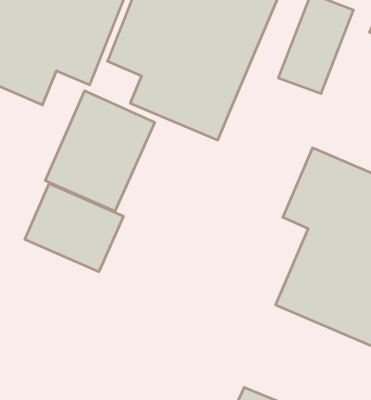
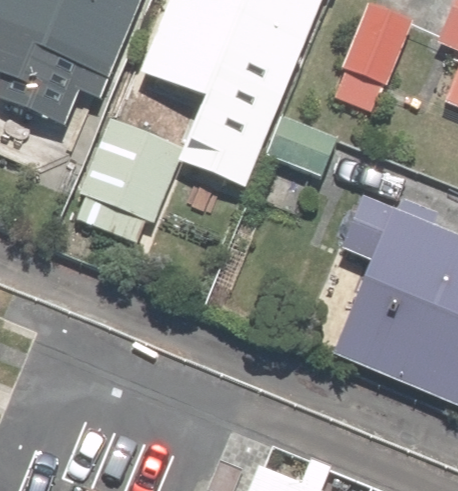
building: [25,183,123,272] -> none

